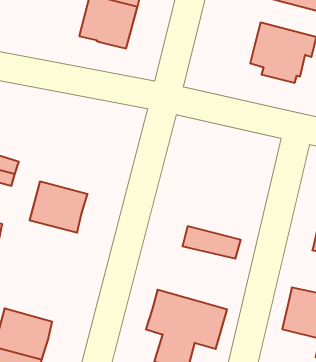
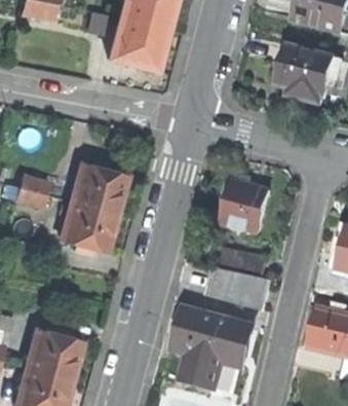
building: none -> [69,161,126,213]
building: none -> [221,179,270,231]
building: none -> [206,265,271,308]

